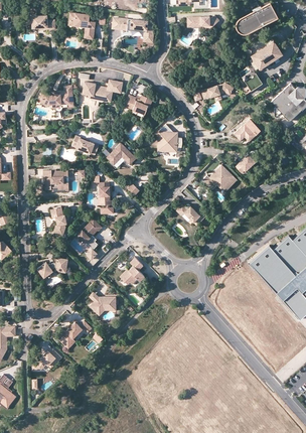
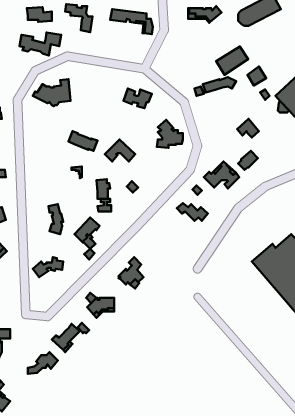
building: [251,41,282,68] -> [216,47,248,75]
building: [83,80,123,102] -> [20,33,61,56]
building: [43,169,68,189] -> none

